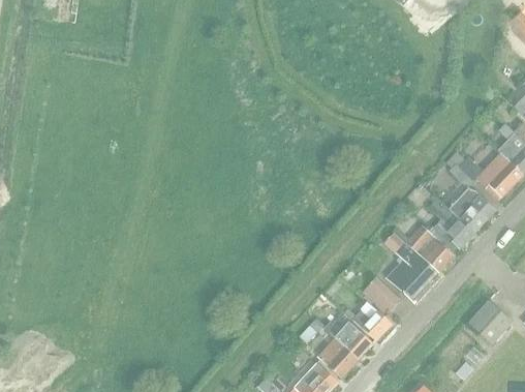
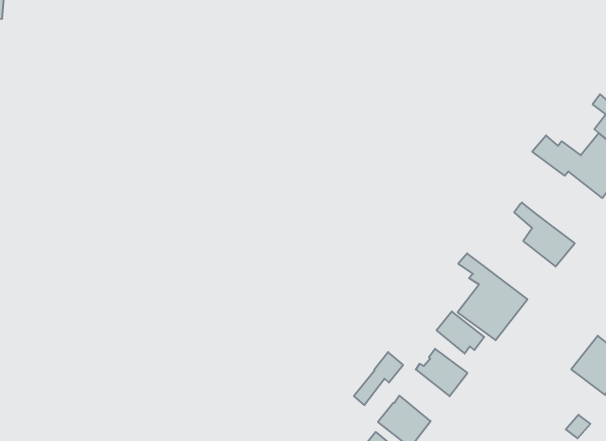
building: [432,192,493,232] -> none
building: [394,224,452,271] -> none
building: [336,324,370,357] -> none

